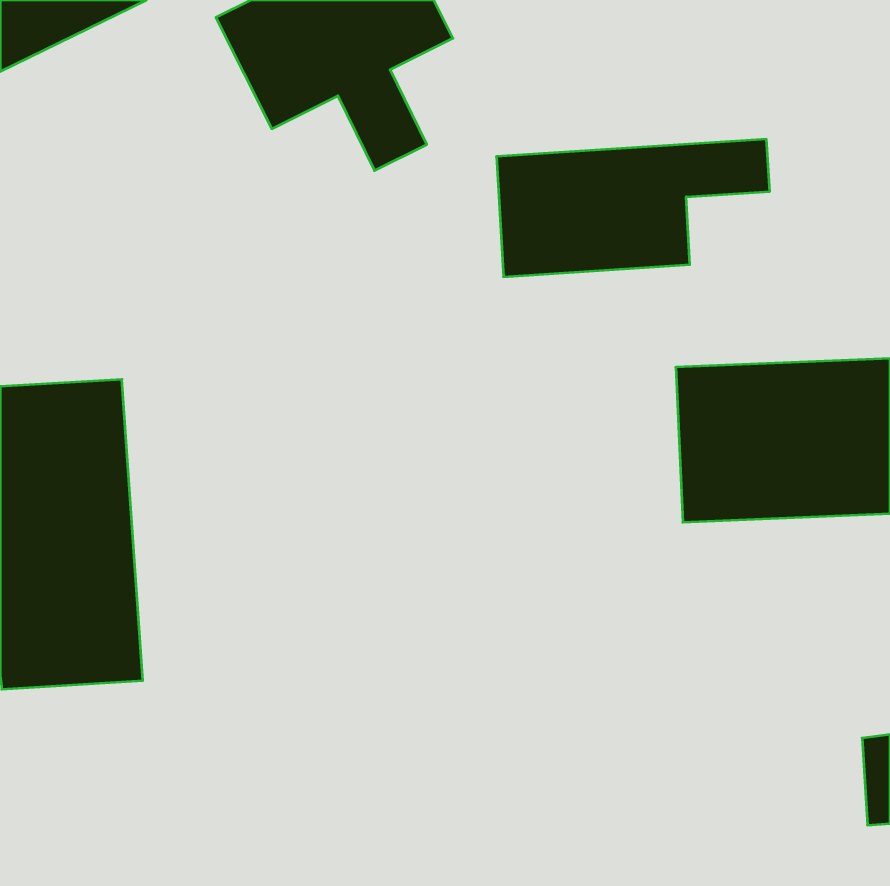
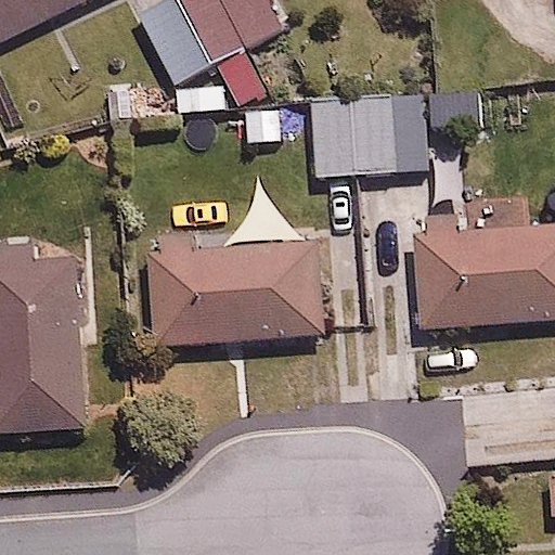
building: none -> [134,235,318,344]

